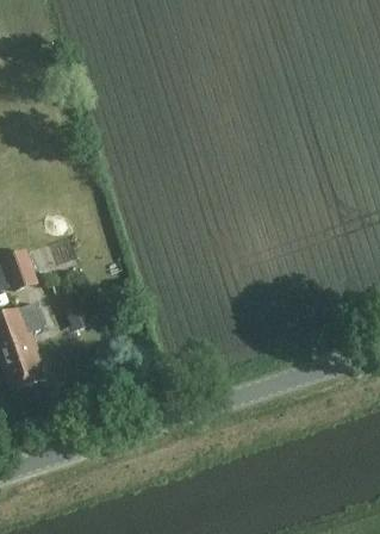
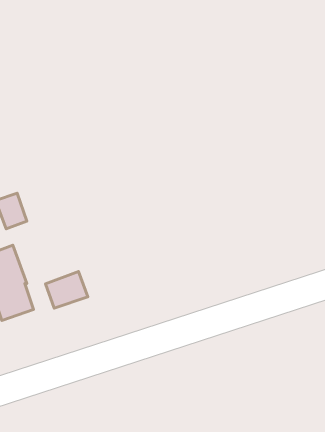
building: none -> [45,271,88,308]

